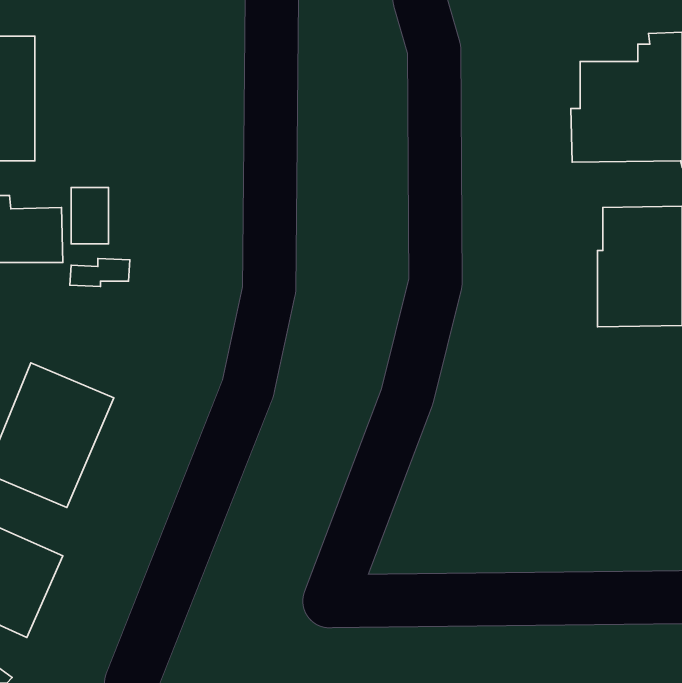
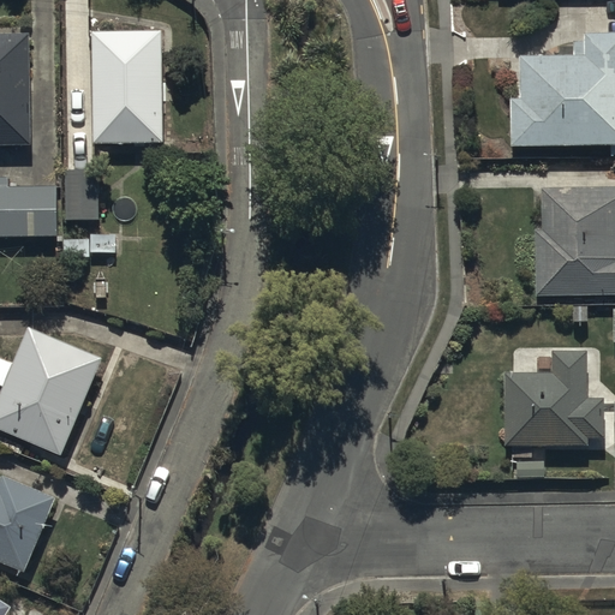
building: none -> [91,30,162,143]
building: none -> [504,350,603,446]

